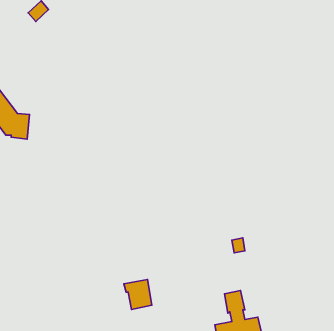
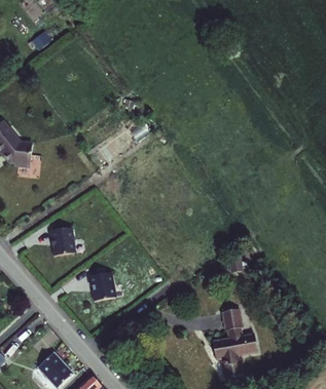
building: none -> [48,228,73,256]
building: [124,279,152,309] -> [86,273,113,302]

